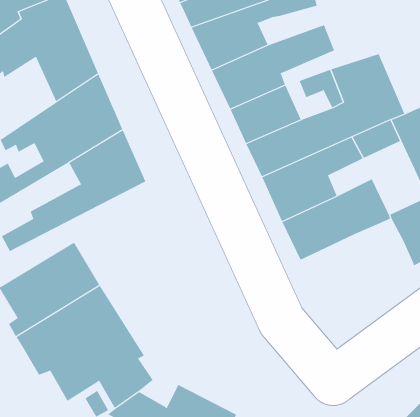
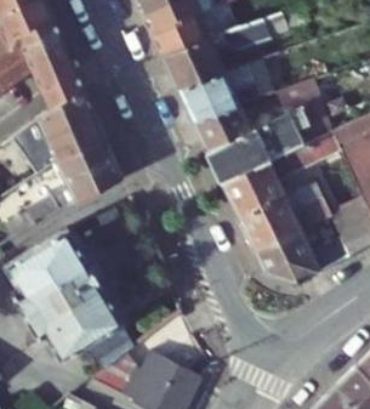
building: none -> [255,227,351,283]

